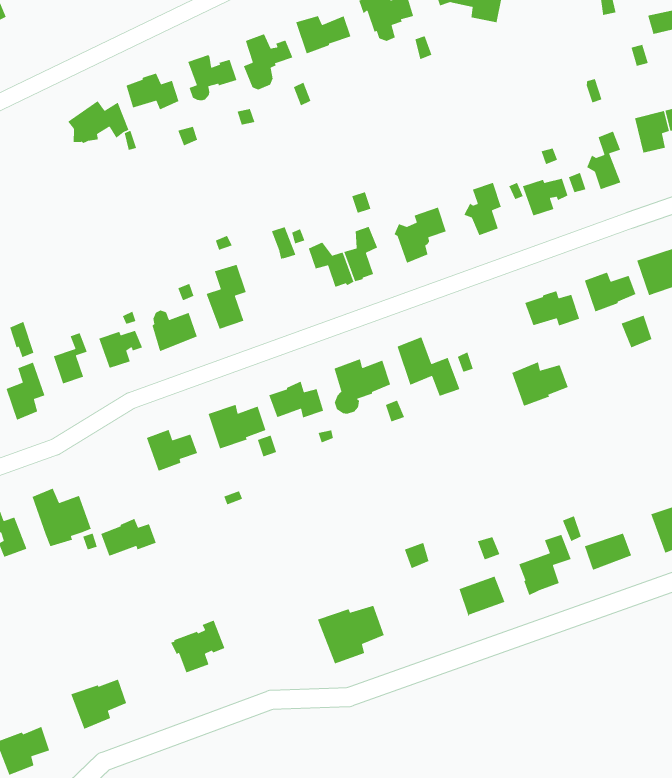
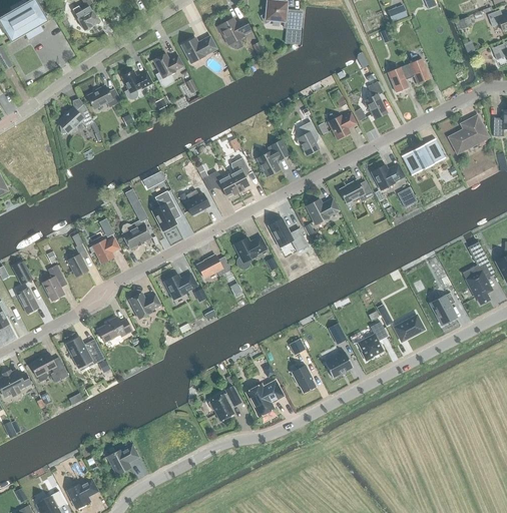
building: none -> [184,189,209,215]
building: [511,361,569,407] -> [305,197,340,225]
building: [100,518,157,557] -> [97,317,131,342]
building: none -> [291,365,316,393]
building: [170,619,226,674] -> [207,386,240,420]

